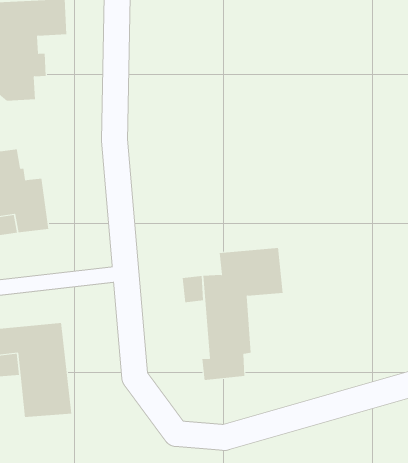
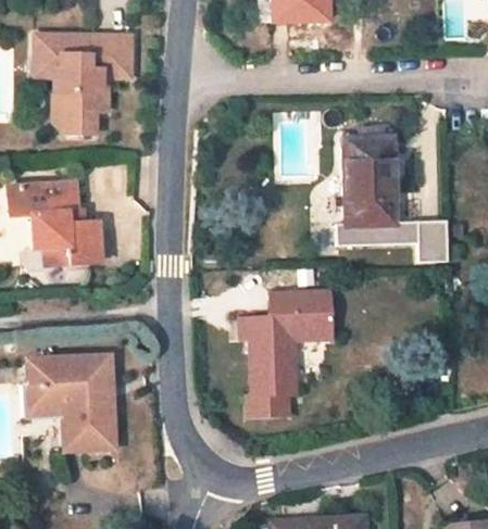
building: none -> [338,138,450,262]

